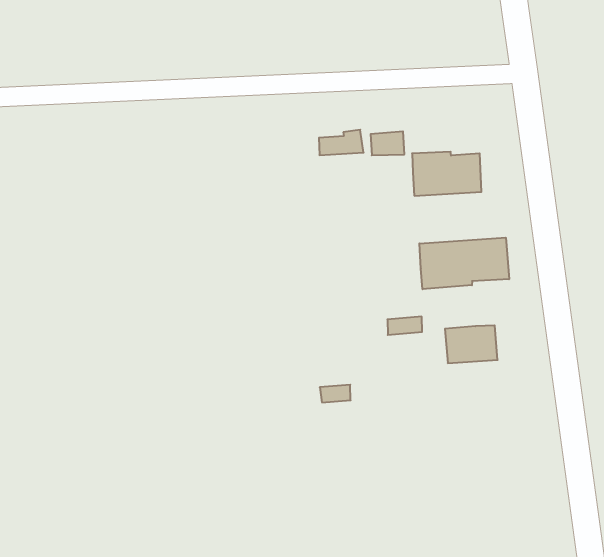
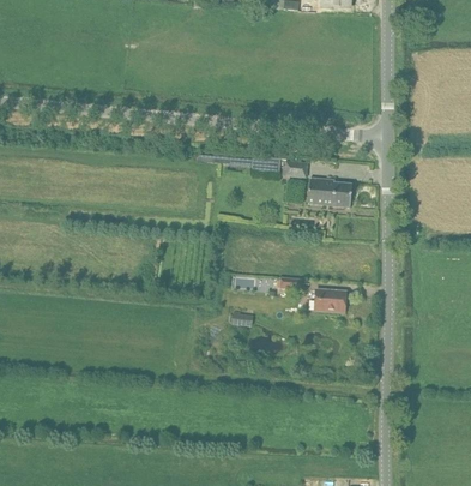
building: [419,238,509,289] -> none

